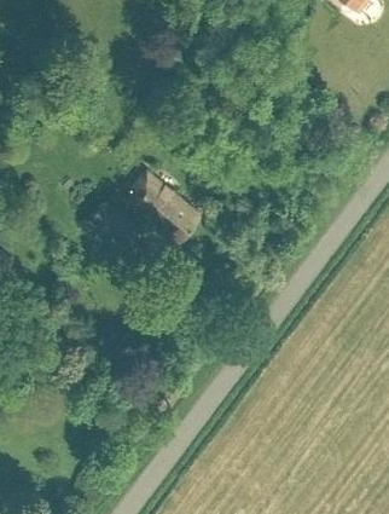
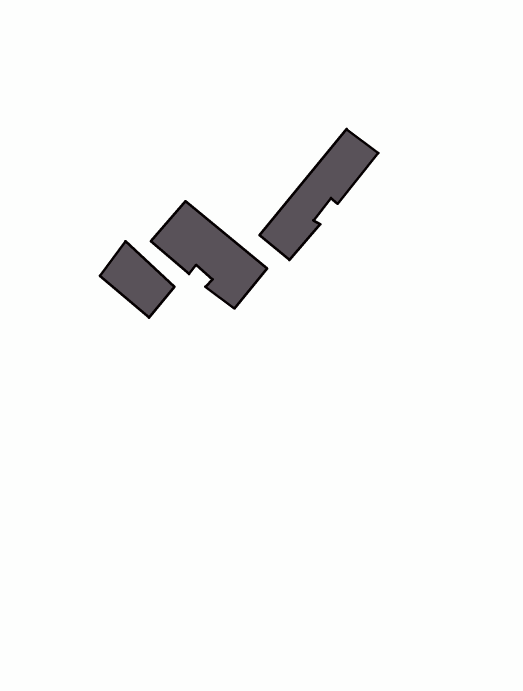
building: none -> [260,129,378,260]

